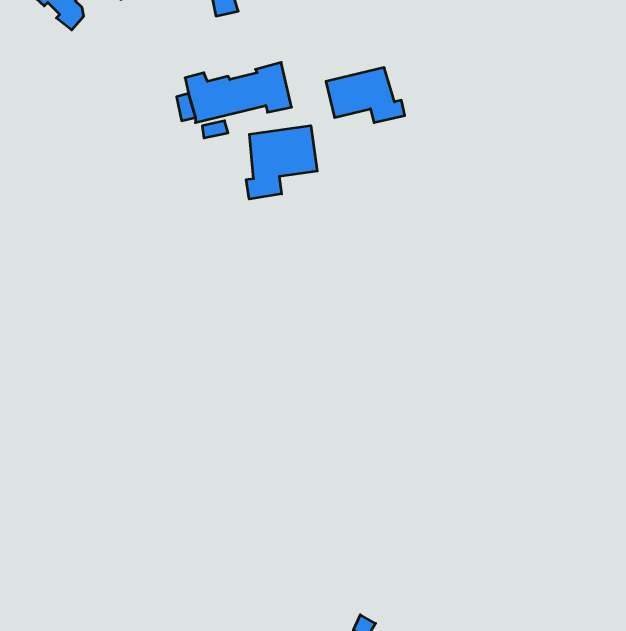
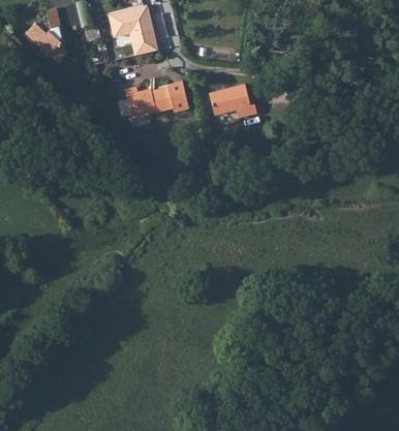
building: [246,126,317,199] -> none

